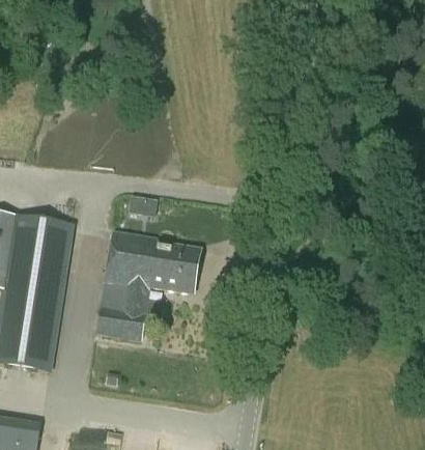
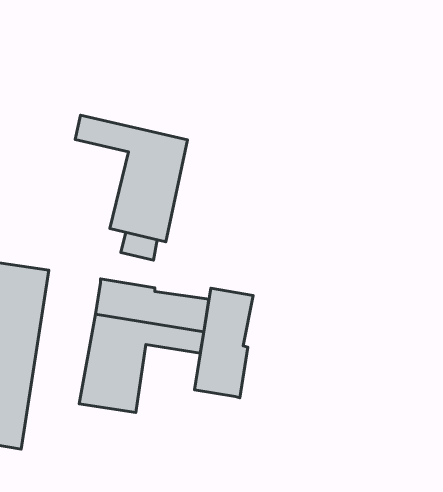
building: none -> [75,115,187,242]
building: none -> [194,288,253,398]

